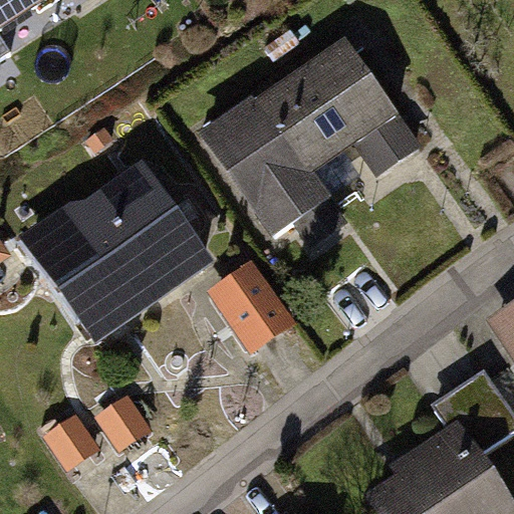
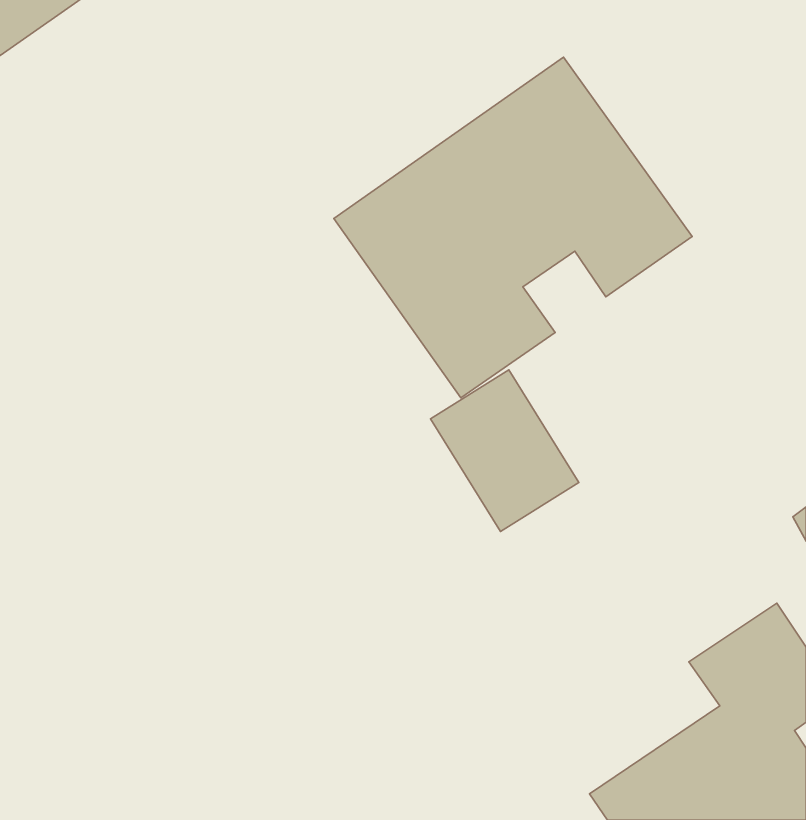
building: [33,168,207,336] -> none
building: [196,253,287,352] -> [431,370,579,531]

